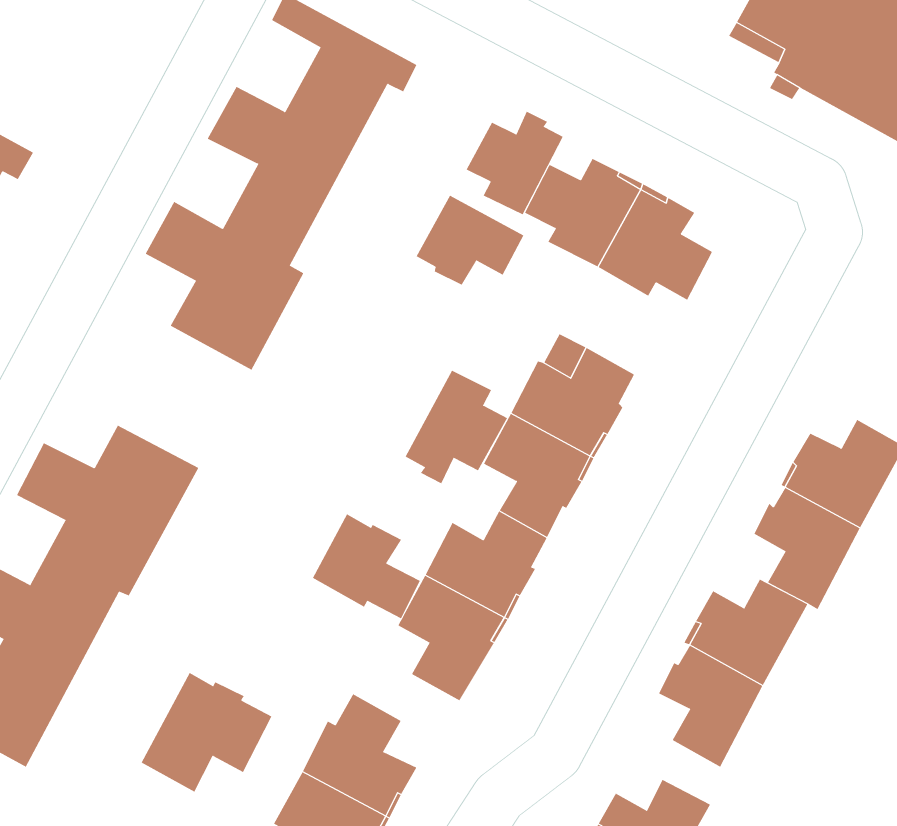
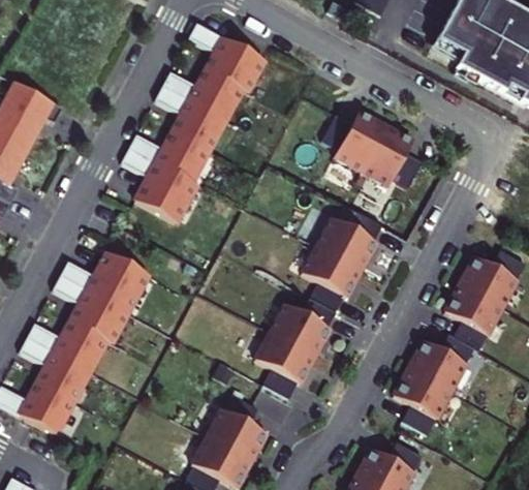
building: [466,111,564,215] -> none
building: [416,195,524,286] -> none
building: [405,370,508,484] -> none
building: [312,514,420,619] -> none
building: [141,672,272,793] -> none

